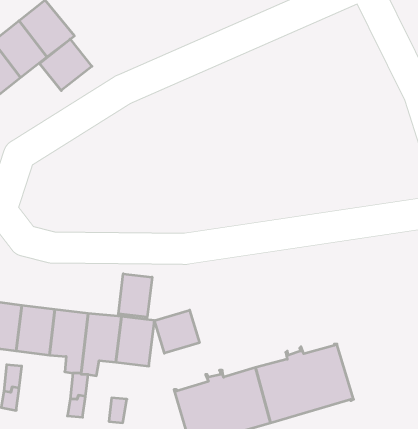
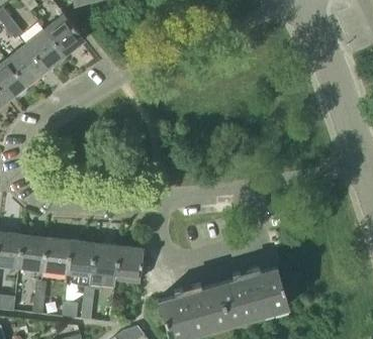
building: [39,39,92,91] -> none
building: [118,274,152,317] -> none
building: [155,310,199,353] -> none

